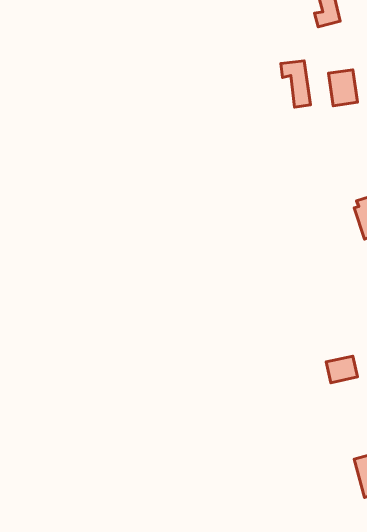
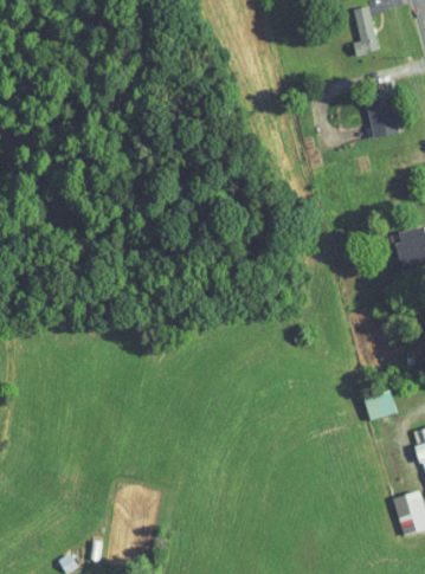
building: [281,61,310,107] -> none

